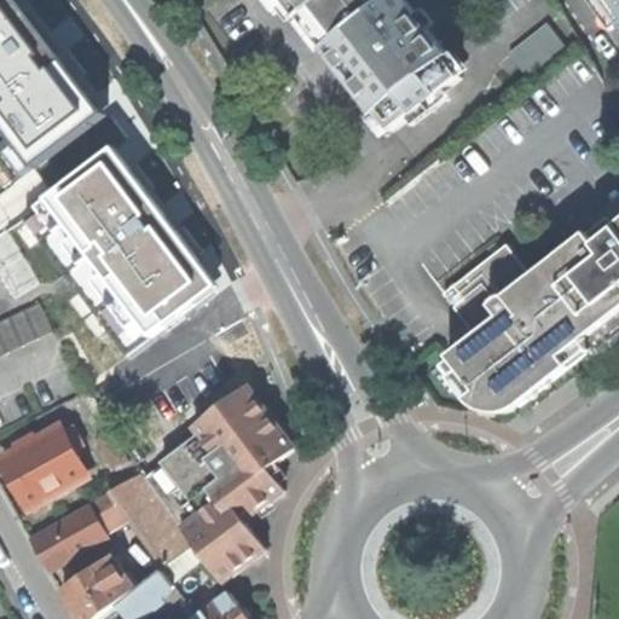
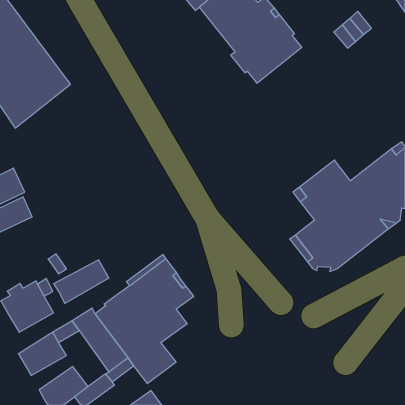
building: [17,152,212,355] -> none
building: none -> [54,260,109,303]

